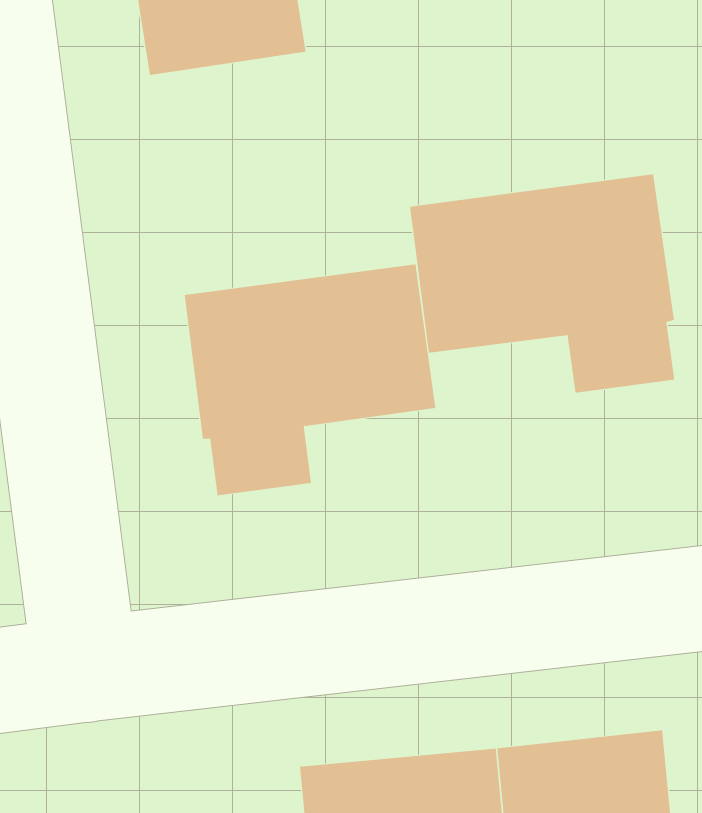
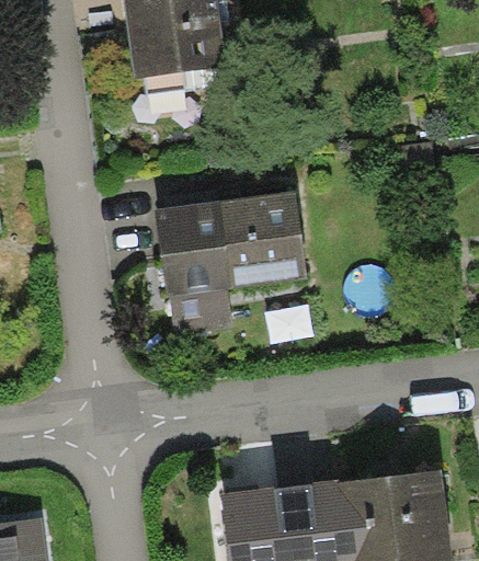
building: [410,173,675,393] -> none

